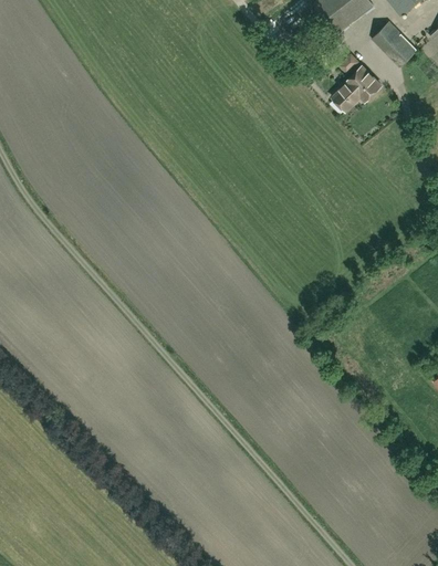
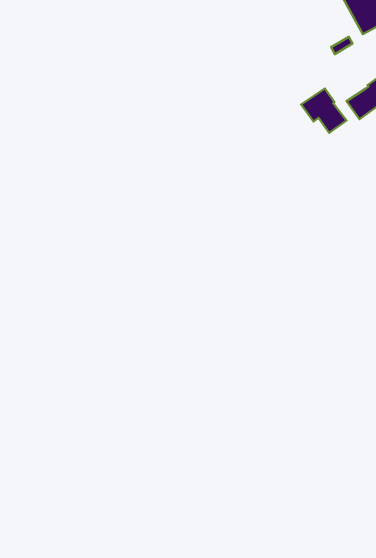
building: none -> [301,88,347,133]

